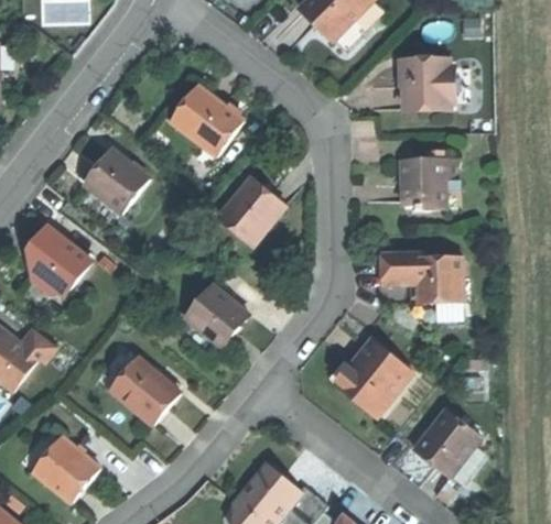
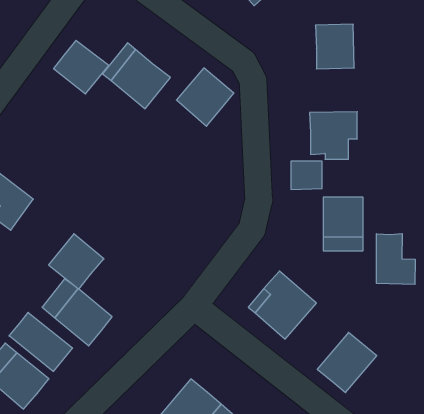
building: [90,144,153,205] -> [54,40,109,94]
building: [217,178,282,244] -> [176,68,234,126]
building: [380,256,415,288] -> [291,161,322,189]
building: [184,284,247,347] -> [49,234,104,289]
building: none -> [376,234,415,284]
building: none -> [9,312,73,371]

